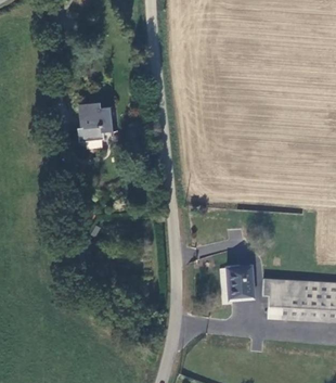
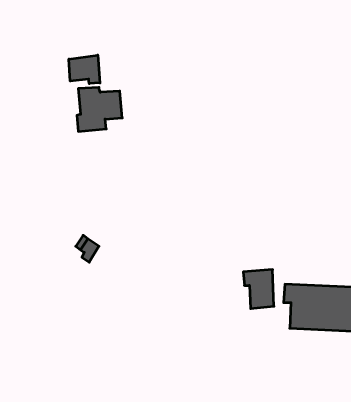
building: none -> [69,55,100,84]

